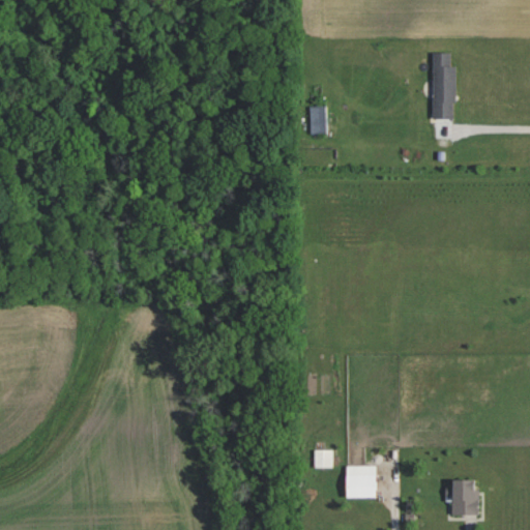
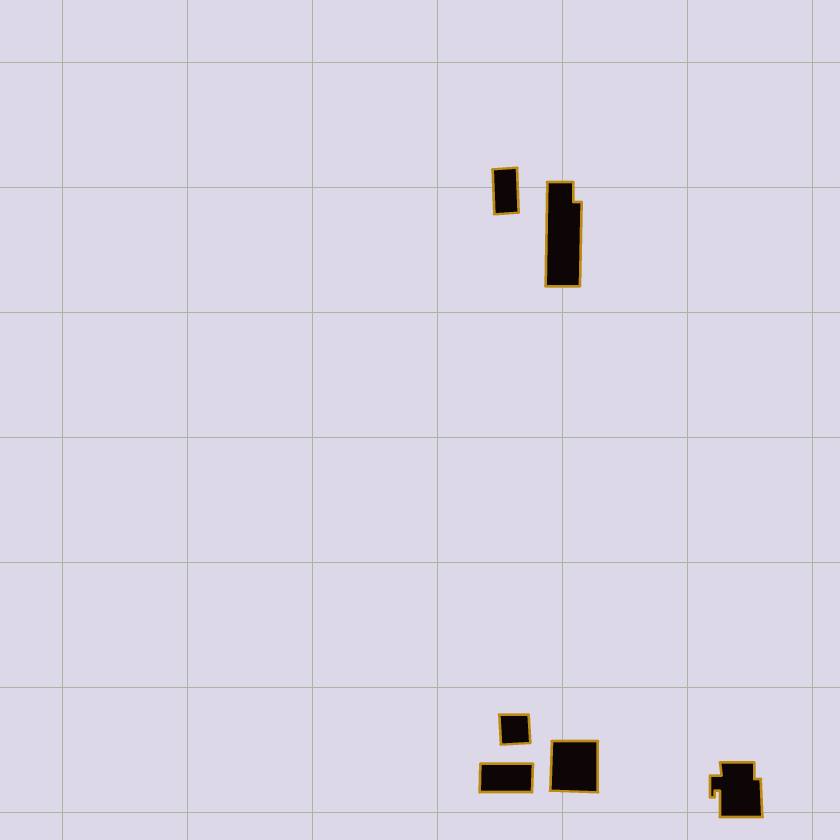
building: [433,54,455,119] -> [545,182,582,286]
building: none -> [480,764,533,792]

